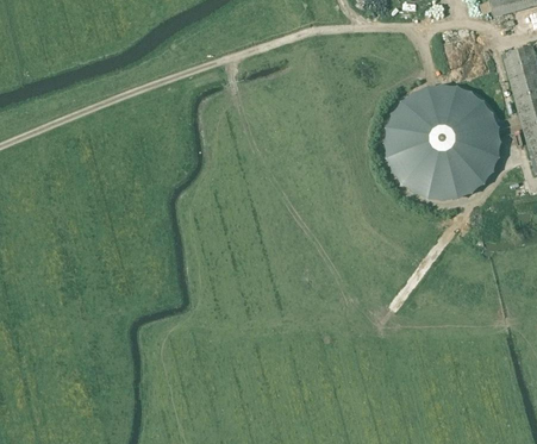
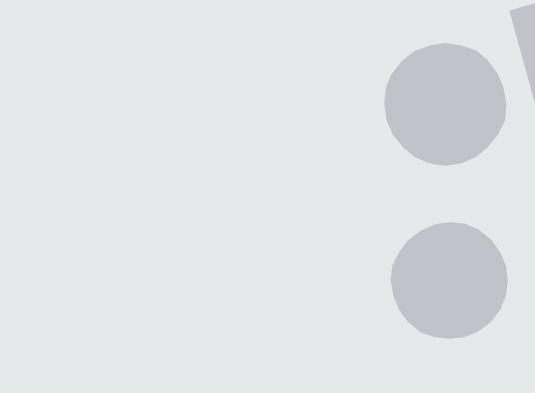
building: none -> [390,222,508,339]

